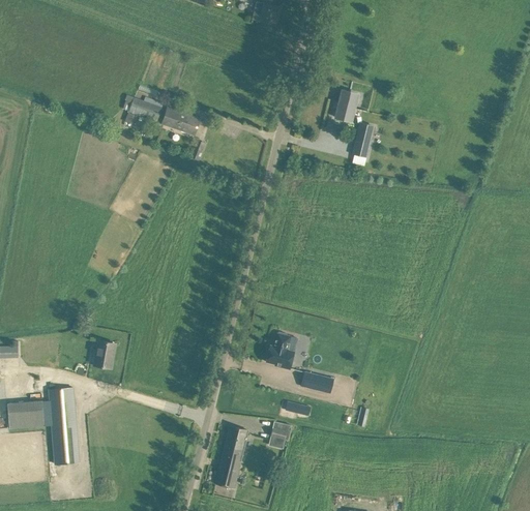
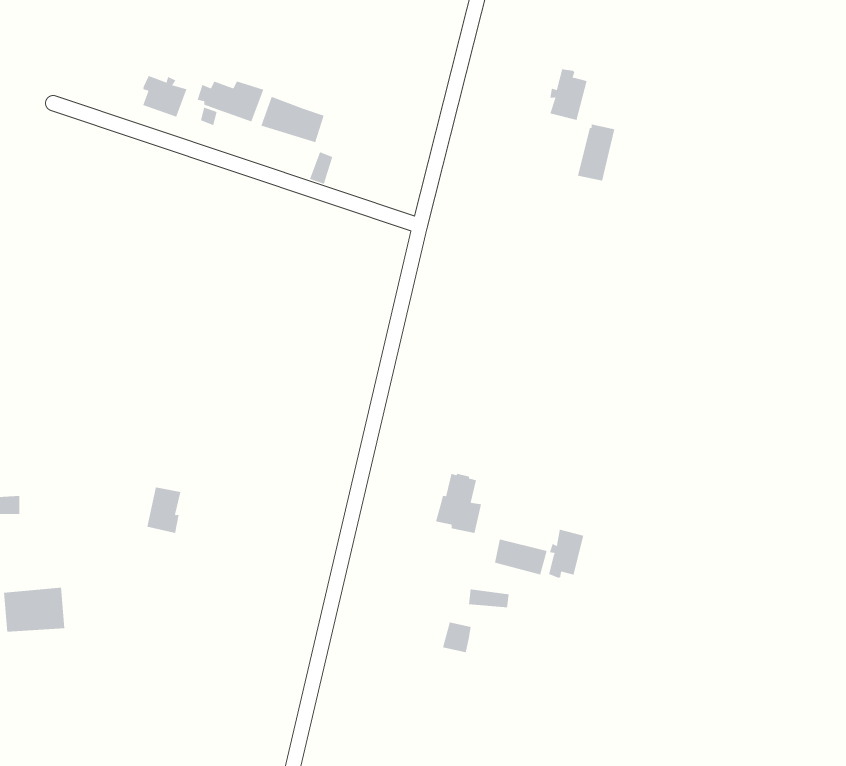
building: none -> [142,75,187,118]
building: none -> [548,529,584,579]
building: [50,387,79,464] -> none
building: [215,426,248,488] -> none

